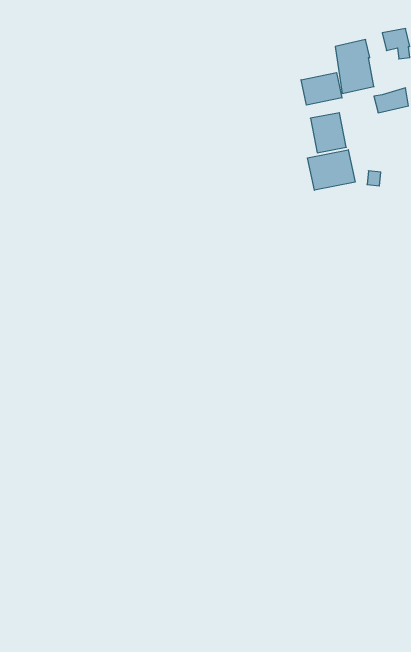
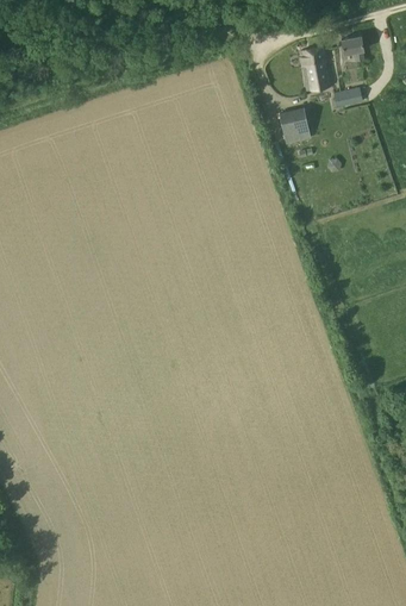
building: [301,73,342,105] -> none
building: [308,150,355,190] -> none

